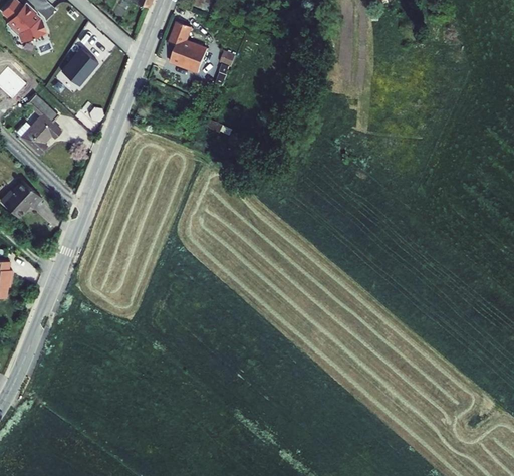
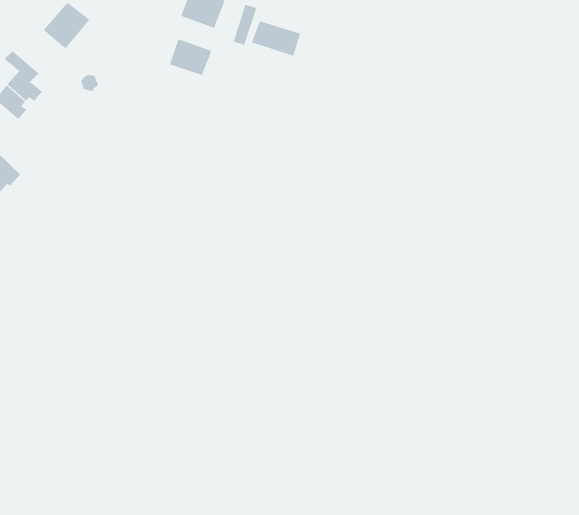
building: none -> [251,20,301,56]
building: none -> [169,38,212,76]

